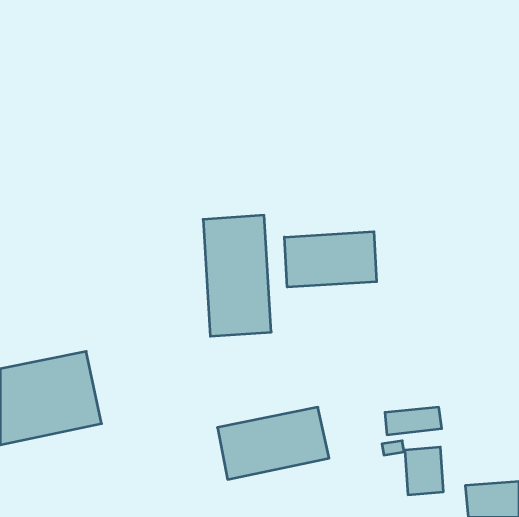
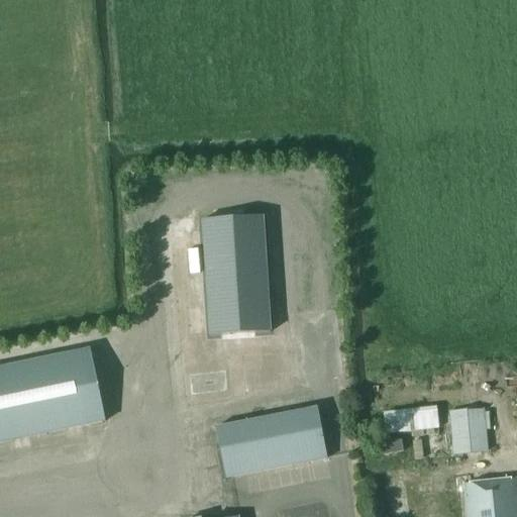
building: [284,232,377,287] -> none
building: [405,447,443,495] -> [449,406,488,453]

